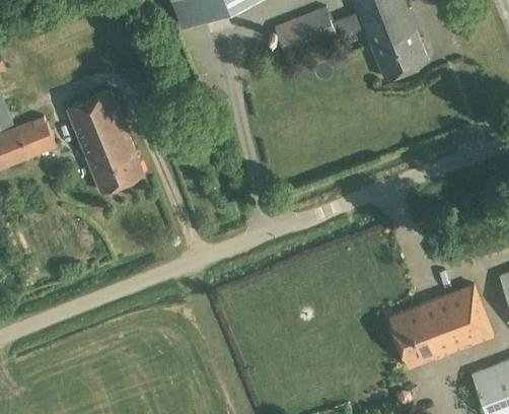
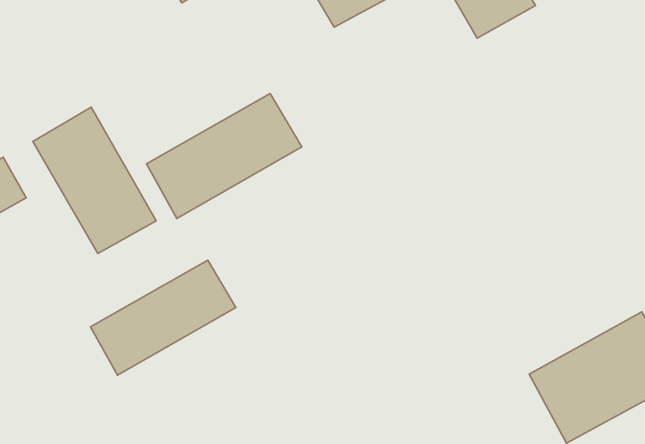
building: none -> [146,93,302,219]
building: none -> [91,260,236,375]

